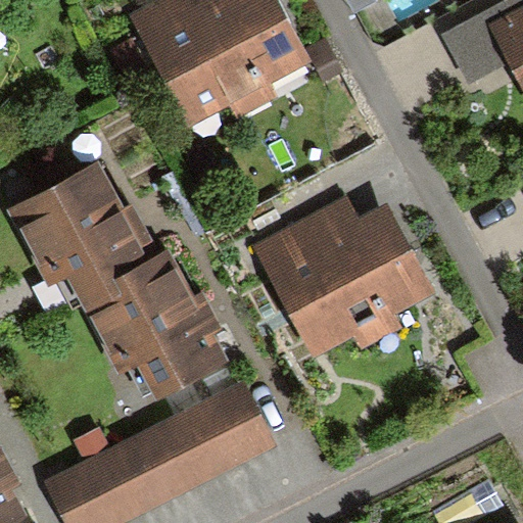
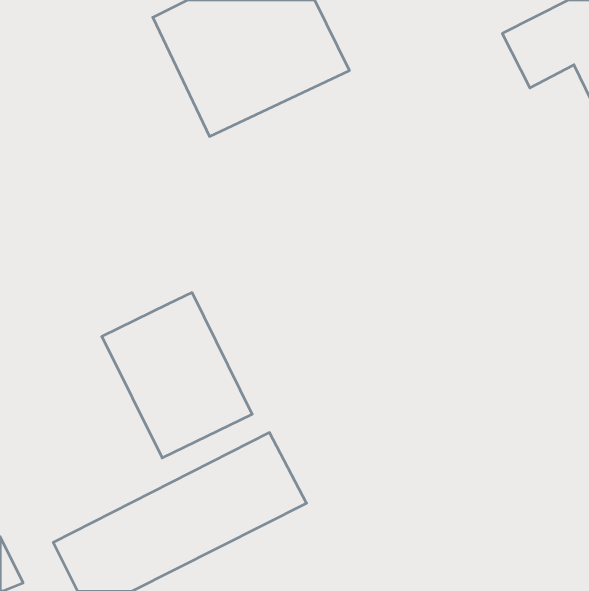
building: [13,169,150,312] -> none
building: [255,200,434,356] -> none

